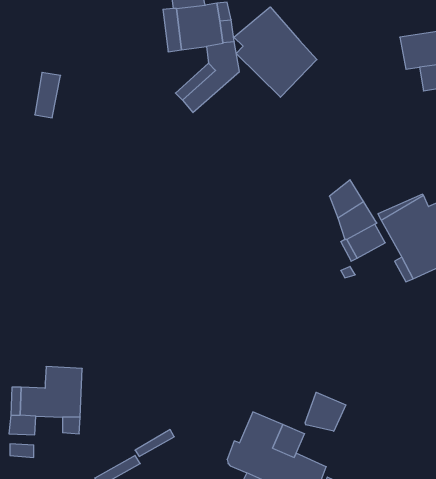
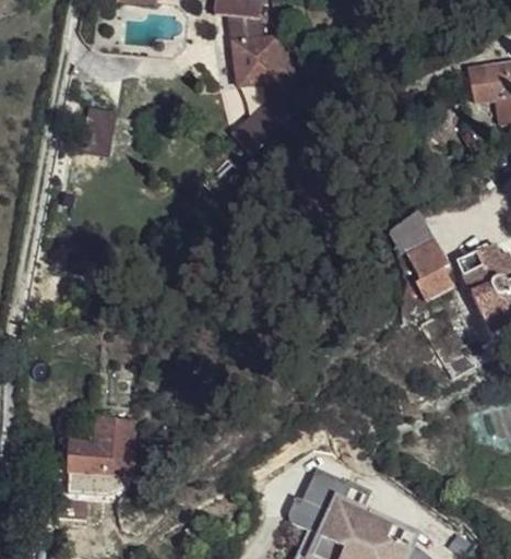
building: [234,7,317,97] -> none
building: [305,392,346,431] -> none

